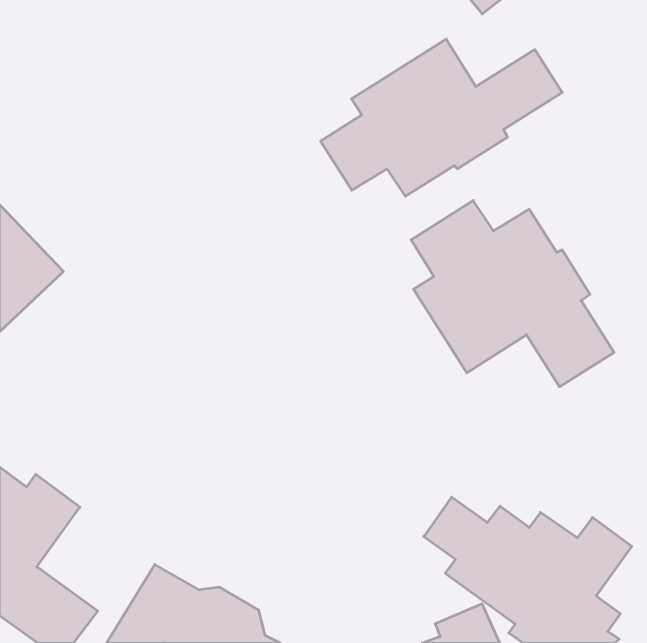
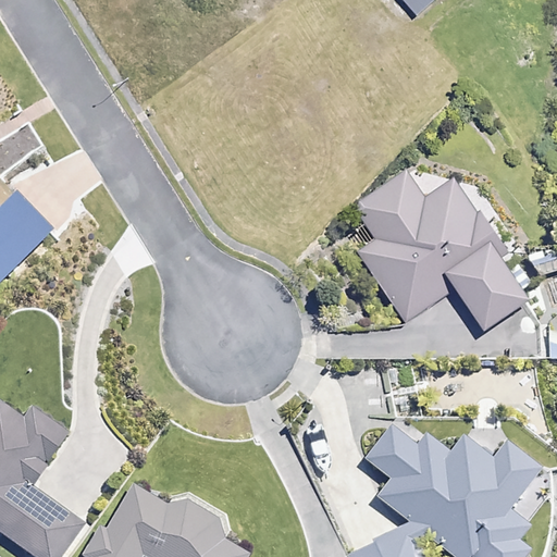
building: [321,39,562,196] -> none

